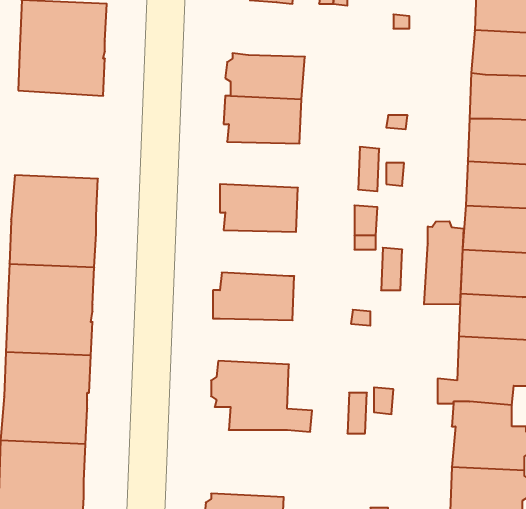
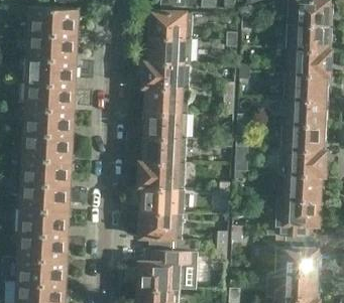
building: none -> [146,11,192,38]
building: none -> [25,57,76,108]
building: none -> [142,87,188,113]
building: [424,221,463,304] -> none
building: none -> [140,137,186,163]
building: none -> [138,187,184,213]
building: none -> [135,251,181,289]

